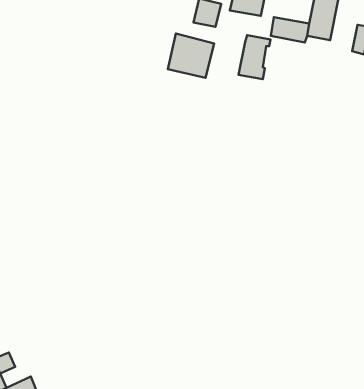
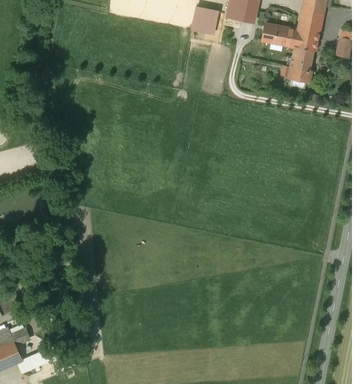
building: [168,33,214,78] -> none
building: [238,35,270,79] -> [288,41,317,81]

